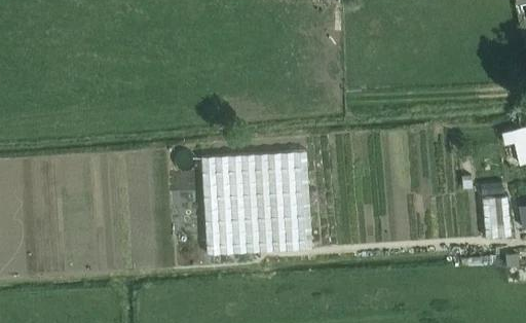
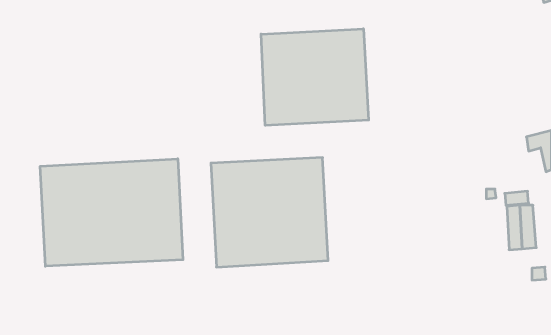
building: none -> [261,29,369,125]
building: none -> [40,159,183,266]

